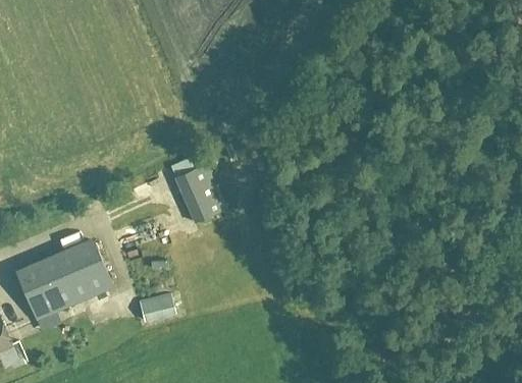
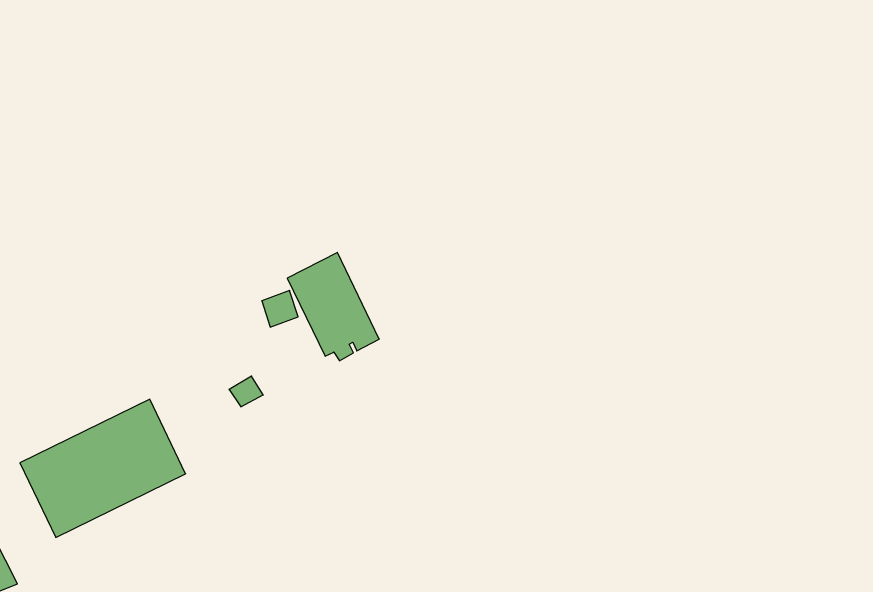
building: [137,291,174,320] -> none

